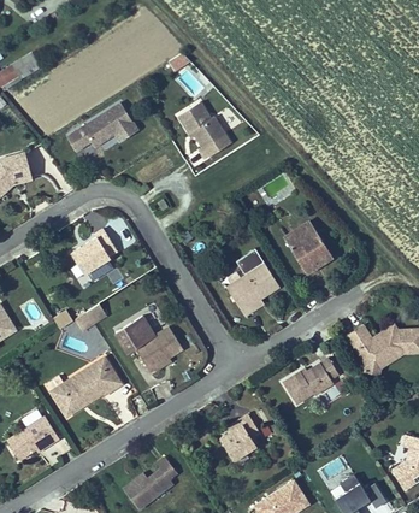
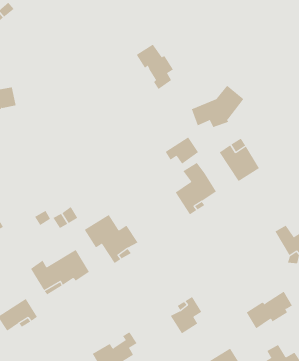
building: [67,102,138,153] -> none
building: none -> [191,85,244,128]
building: none -> [165,136,199,165]
building: [67,228,117,275] -> none
building: [282,356,340,403] -> [246,291,293,329]

